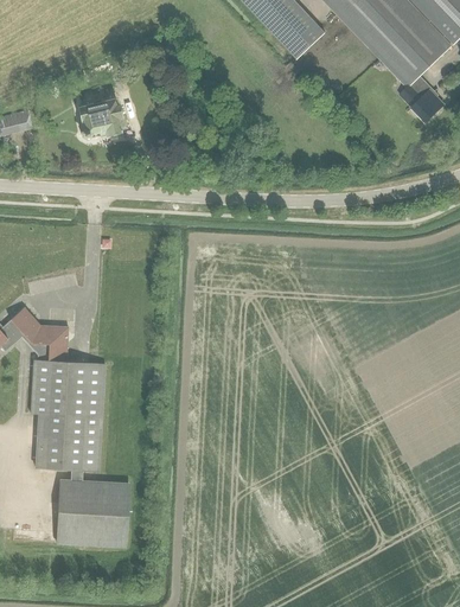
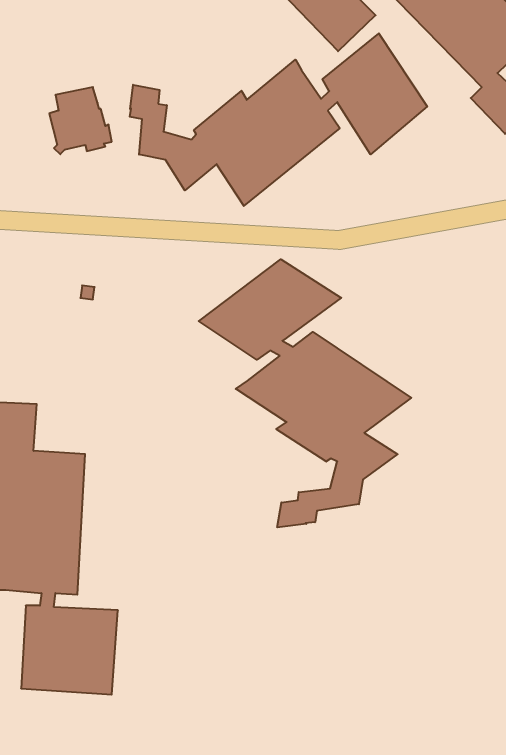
building: none -> [130,33,427,206]
building: none -> [199,259,411,527]

